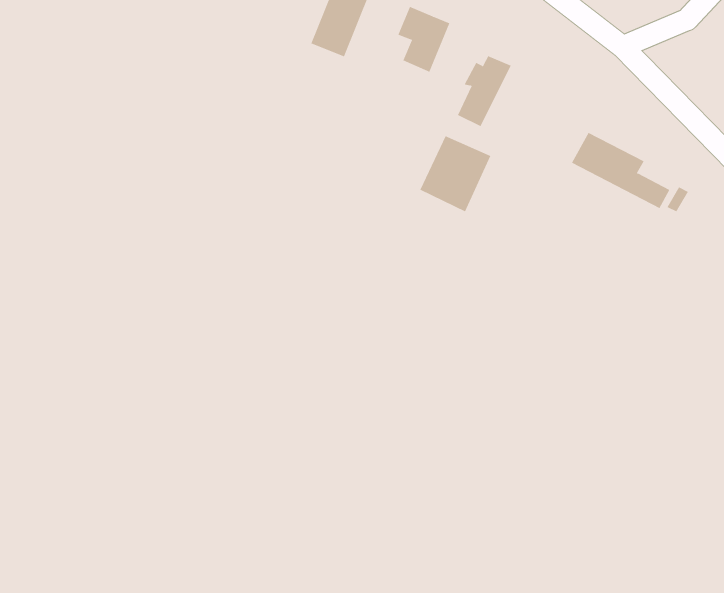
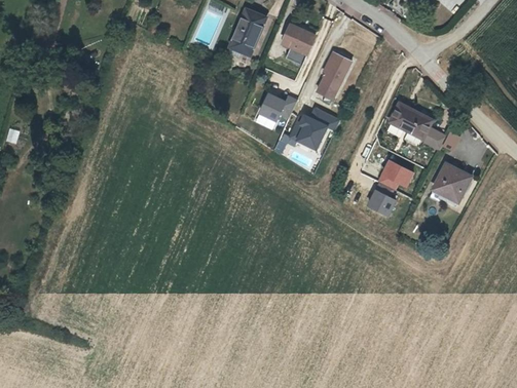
building: none -> [261,90,287,119]
building: none -> [367,157,415,215]
building: none -> [434,163,471,202]

